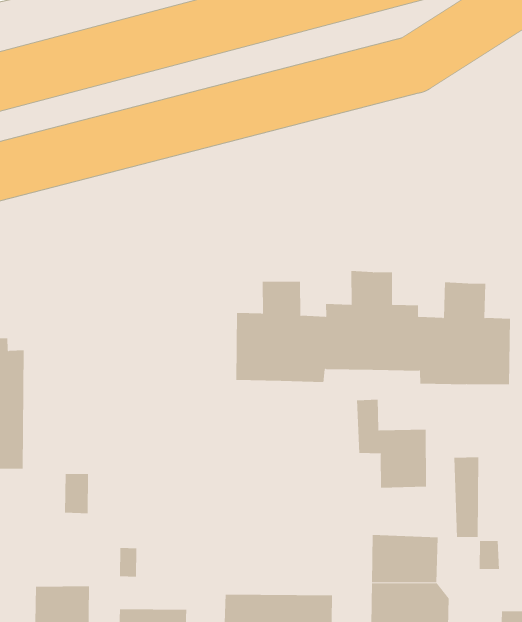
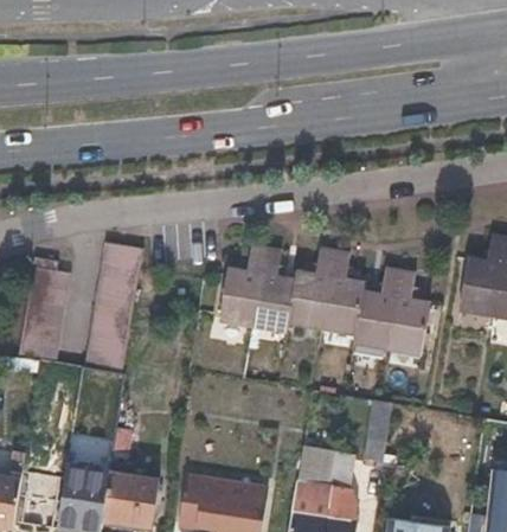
building: none -> [85,243,142,371]
building: [357,399,426,488] -> none

